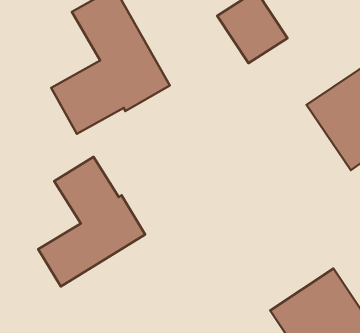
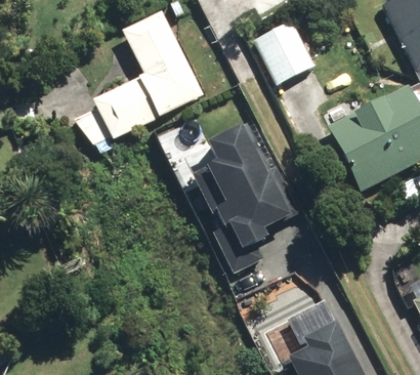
building: none -> [187,125,296,246]
building: [38,157,145,287] -> none

